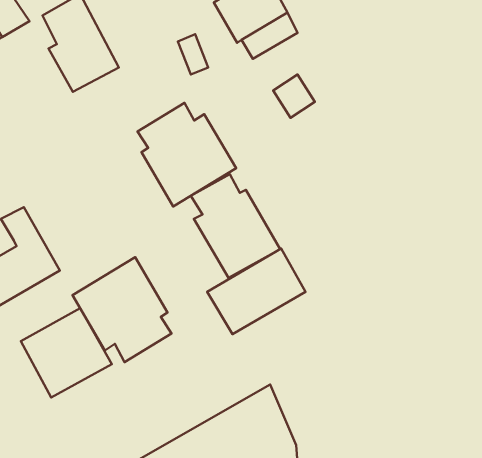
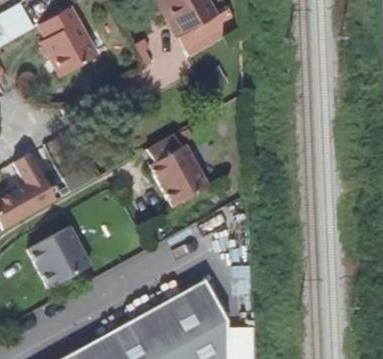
building: [137,103,236,206] -> none
building: [207,248,306,334] -> none
building: [73,257,172,362] -> none

